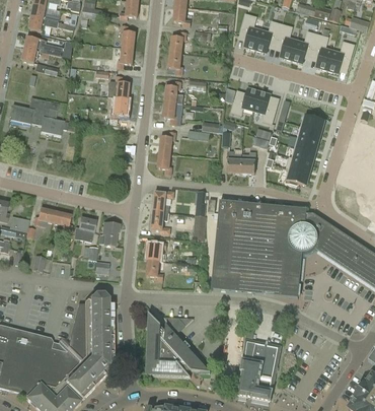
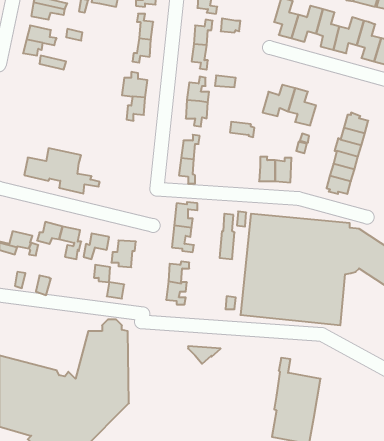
building: [9,96,75,136] -> [24,148,100,194]
building: [145,311,210,375] -> none

